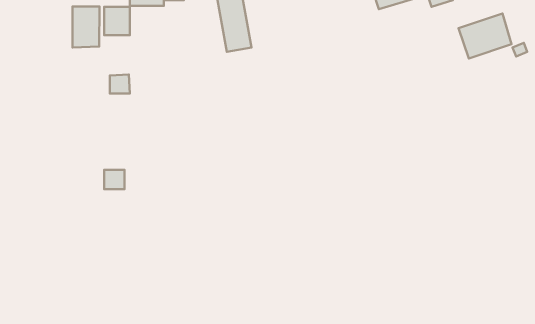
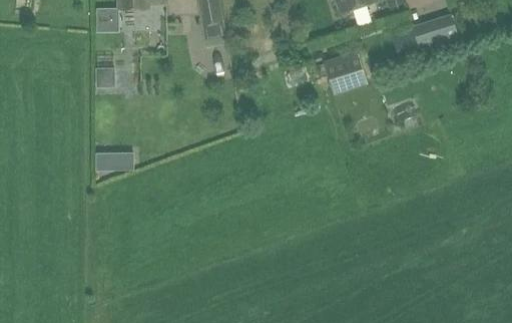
building: [72,7,99,47] -> none
building: none -> [322,51,366,95]

